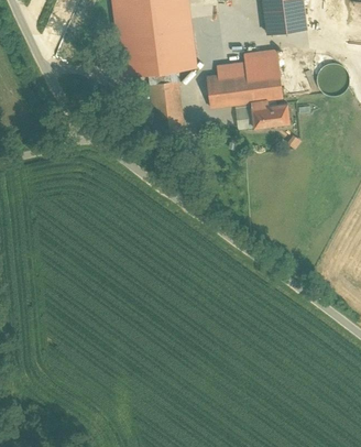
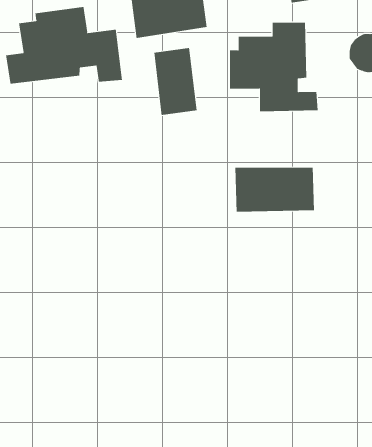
building: none -> [6,6,122,85]
building: none -> [235,167,314,212]

